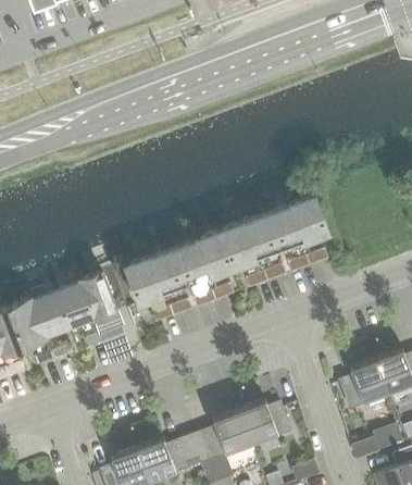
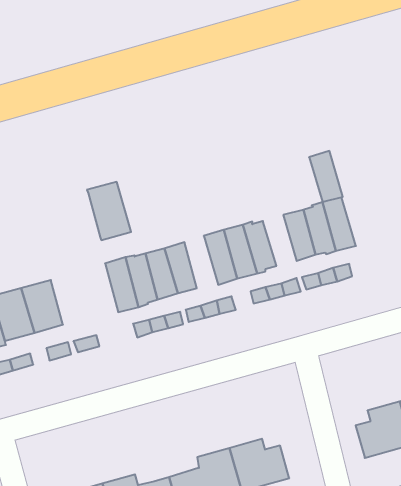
building: [250,213,280,256] -> [309,151,343,202]
building: [187,236,217,279] -> none
building: [78,272,117,321] -> [87,182,131,240]

